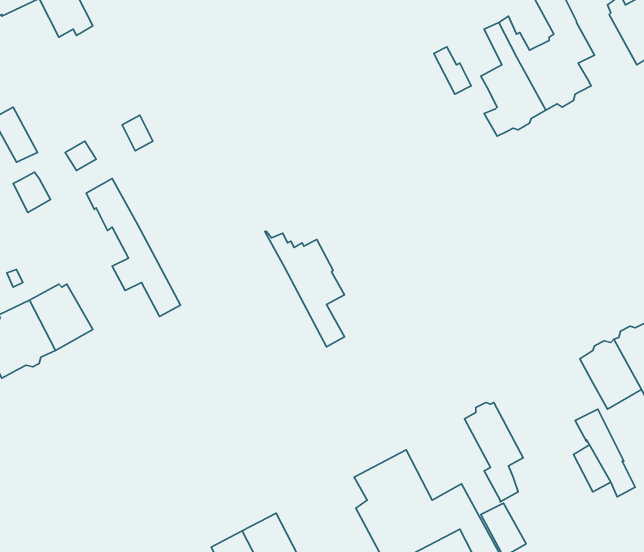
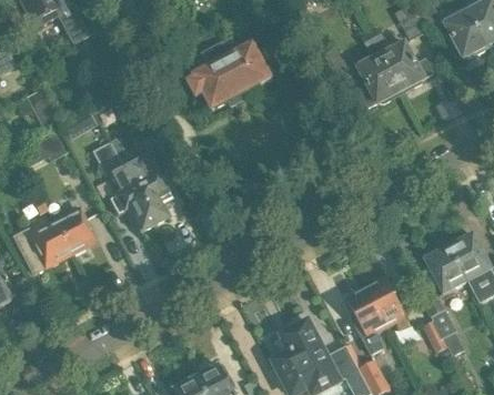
building: none -> [190,38,271,109]
building: [265,231,344,347] -> [111,144,165,223]
building: none -> [367,280,413,334]

